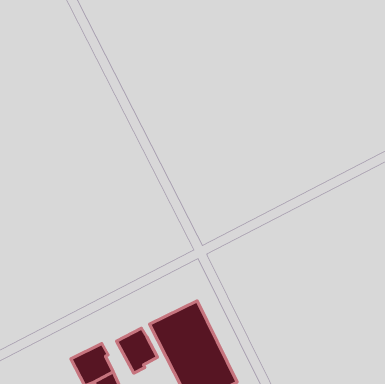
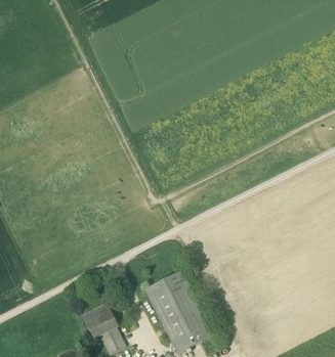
building: [116,328,157,373] -> none

